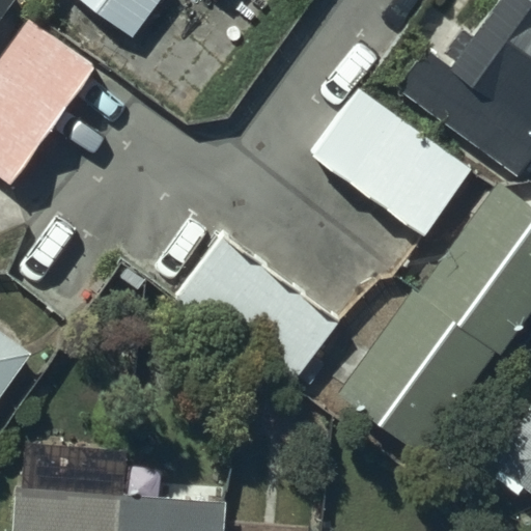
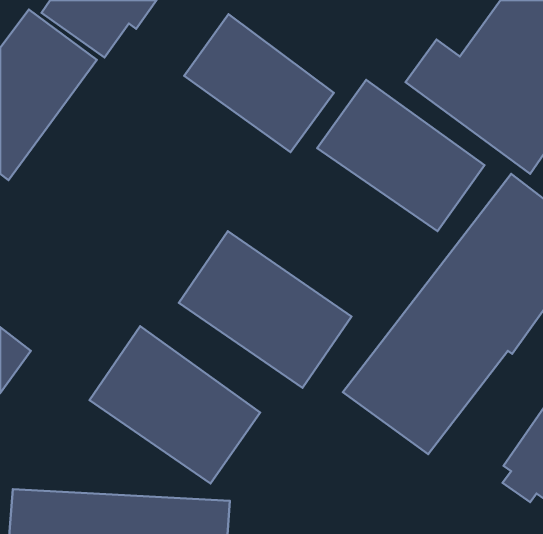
building: none -> [184,14,334,152]
building: none -> [90,326,260,483]

